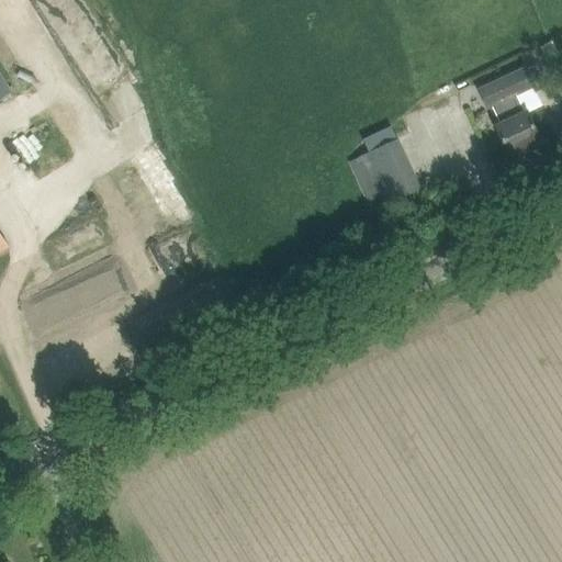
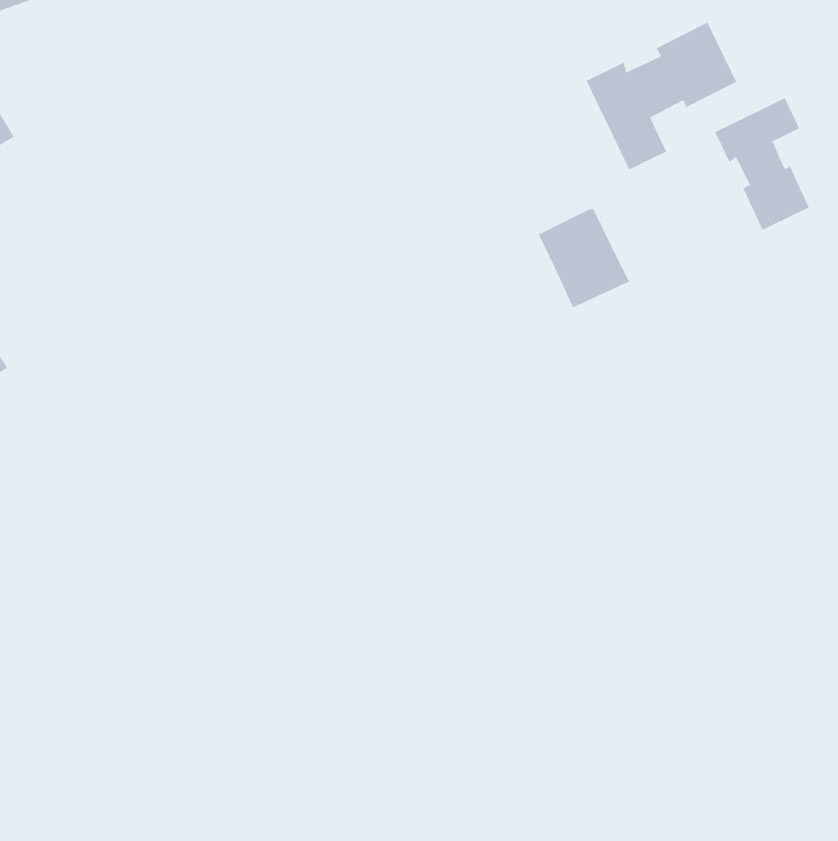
building: none -> [586,22,737,171]

